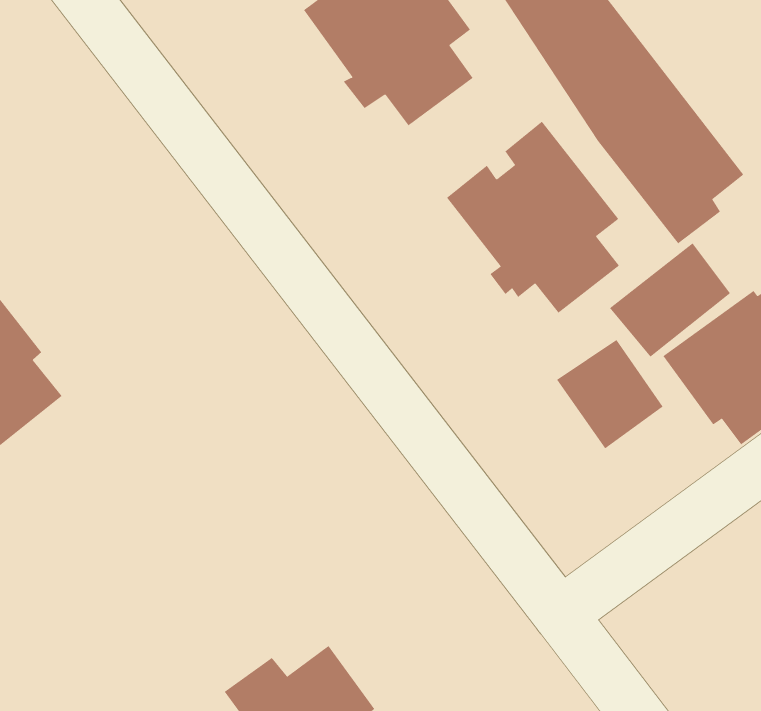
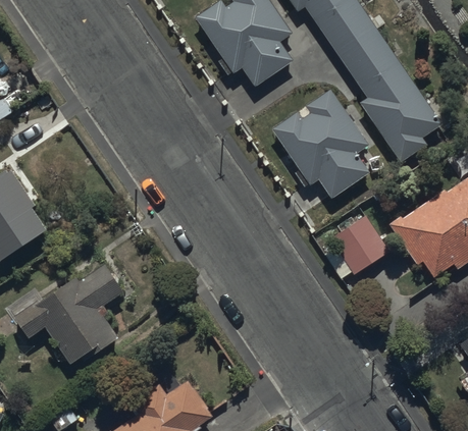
building: [609,243,731,358] -> none
building: none -> [15,263,125,365]

